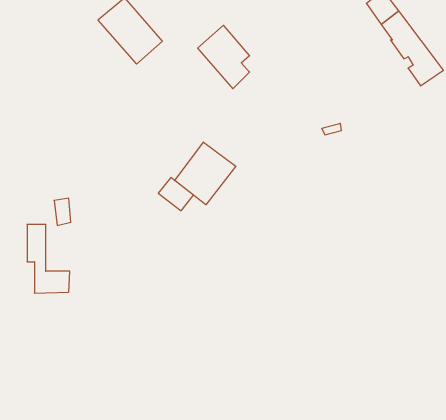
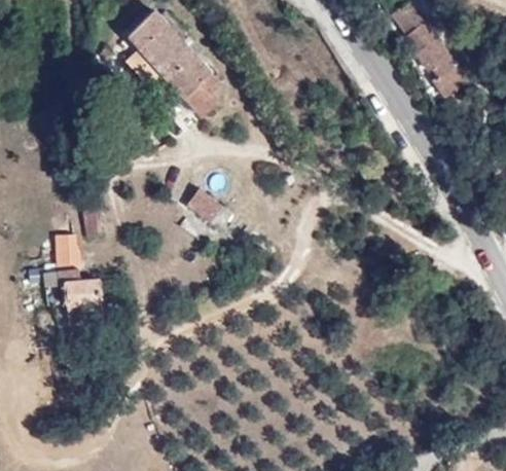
building: [198,25,250,89] -> [166,53,217,116]
building: [175,142,236,205] -> none

